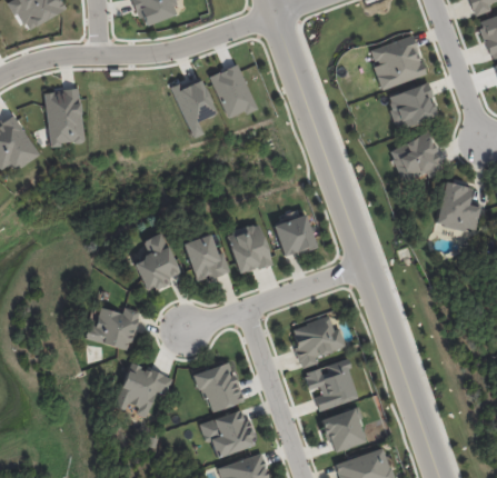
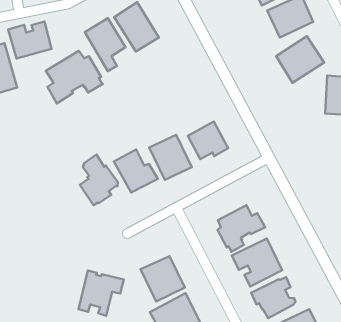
building: none -> [8,22,51,59]
building: none -> [46,51,103,104]
building: [93,307,143,351] -> none

